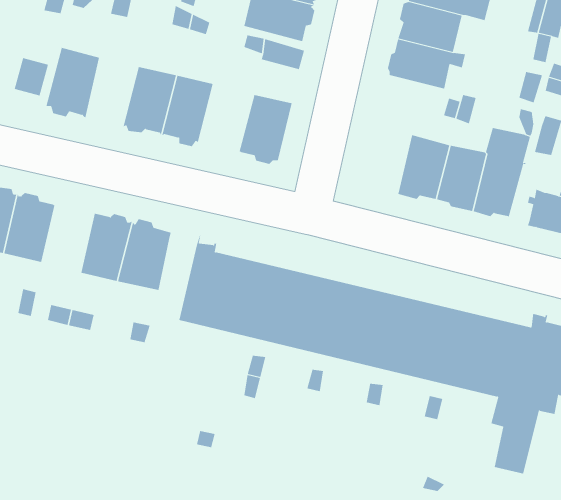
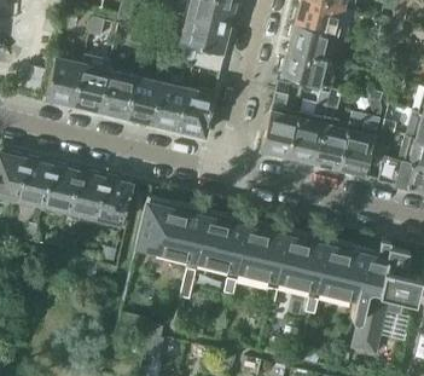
building: none -> [72,65,109,114]
building: none -> [150,83,188,132]
building: none -> [261,93,298,160]
building: none -> [42,164,79,214]

